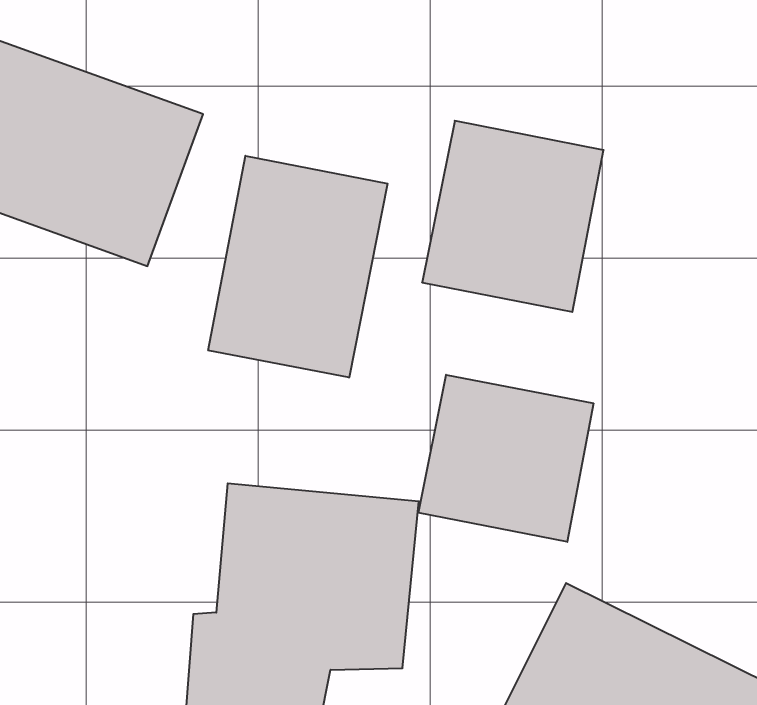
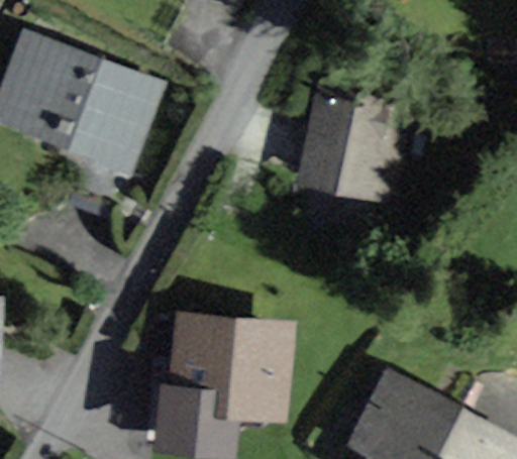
building: [208,156,388,378] -> none
building: [418,375,593,542] -> none

